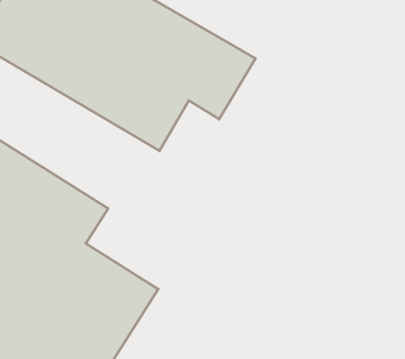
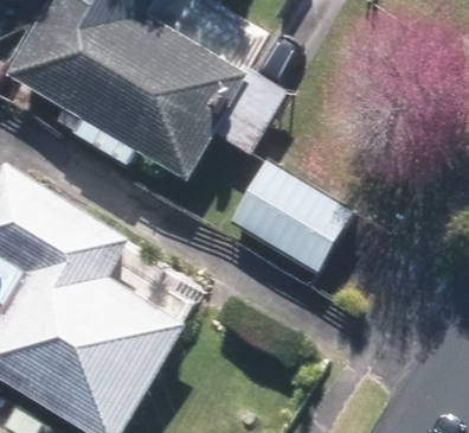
building: none -> [226,154,352,269]

